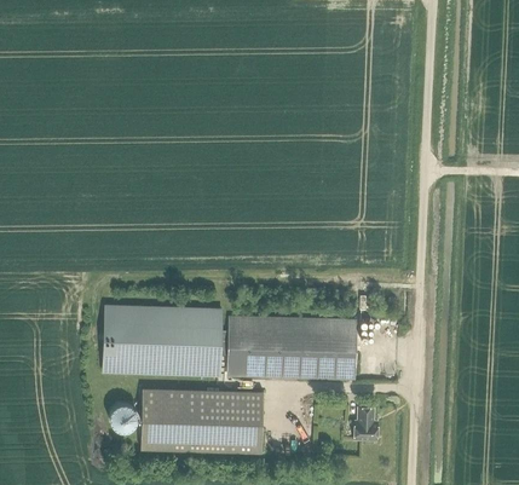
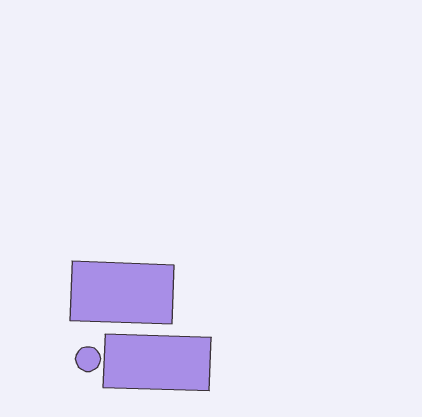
building: [229,314,354,379] -> none
building: [354,406,377,439] -> none

